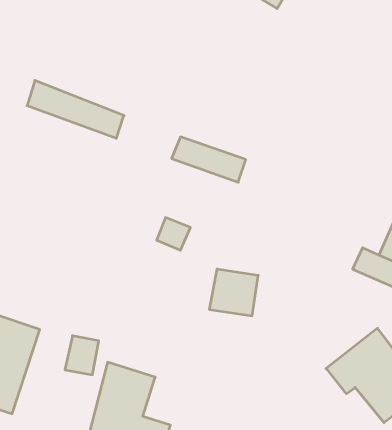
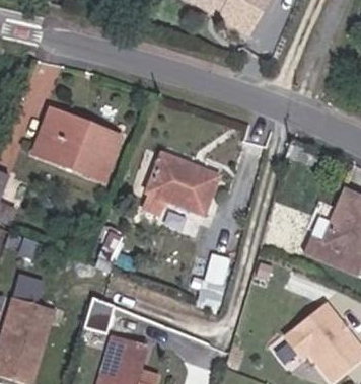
building: none -> [34,123,116,178]
building: none -> [152,165,214,208]

